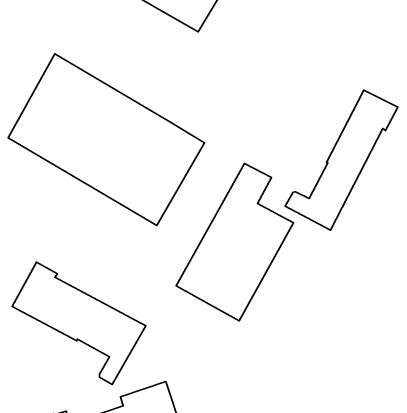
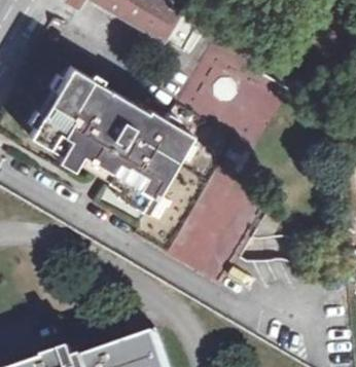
building: [285,90,398,230] -> none
building: [12,262,146,385] -> none

